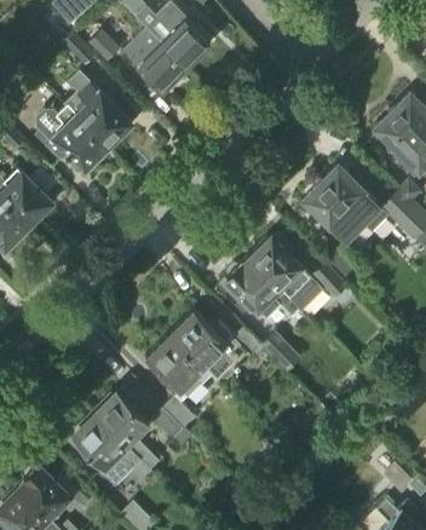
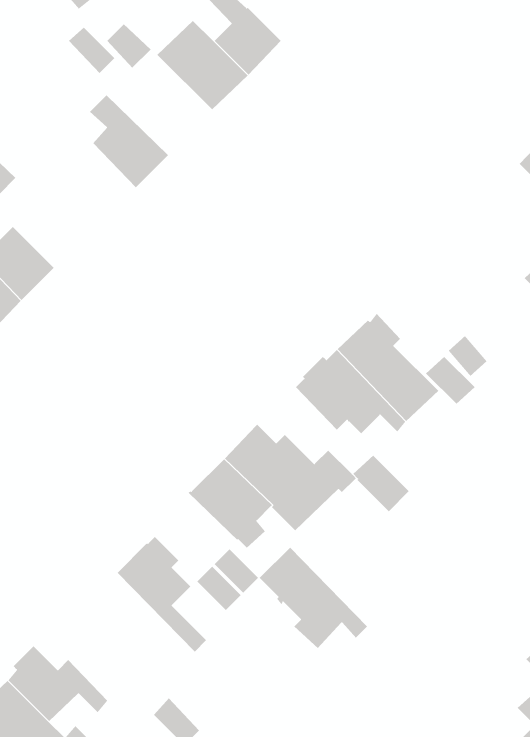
building: [34,104,108,167] -> none
building: [303,166,376,242] -> none
building: [73,414,149,485] -> [259,547,368,649]

